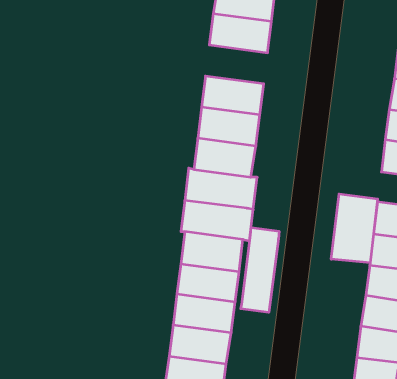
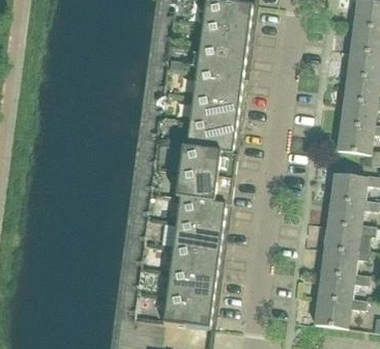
building: none -> [196,49,245,80]
building: [331,194,378,263] -> none
building: [241,227,279,312] -> none

